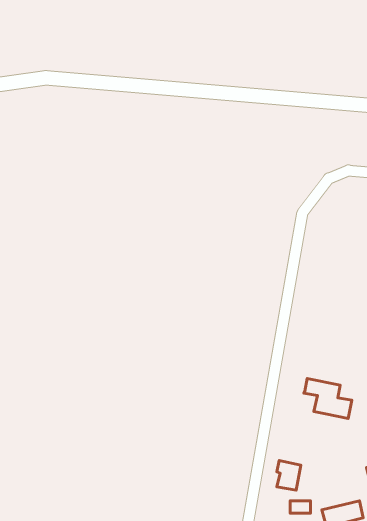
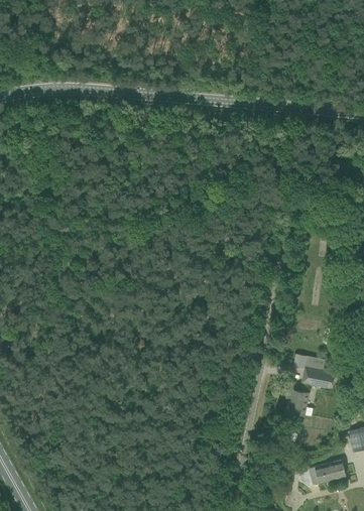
building: [277,460,301,490] -> [286,388,308,414]

